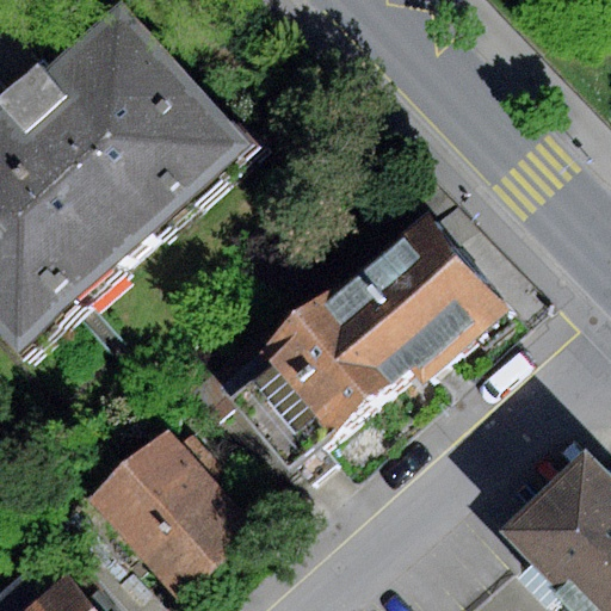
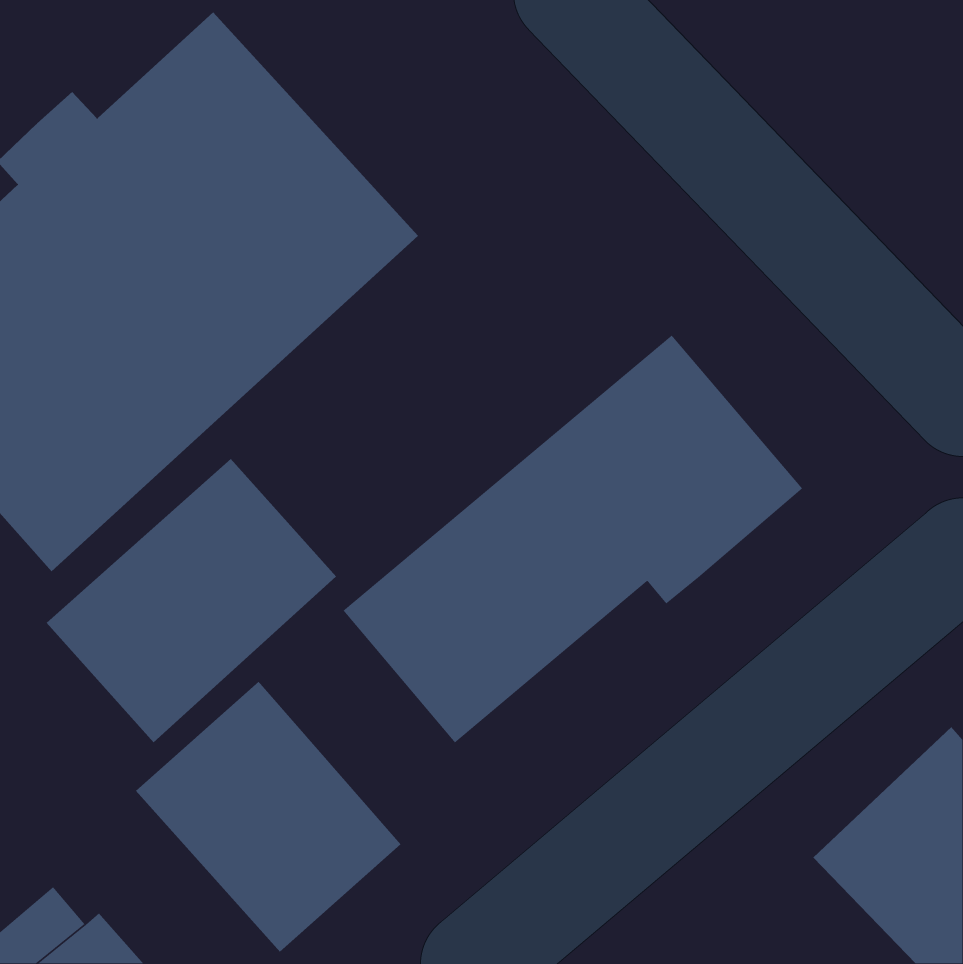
building: none -> [46,458,337,743]

